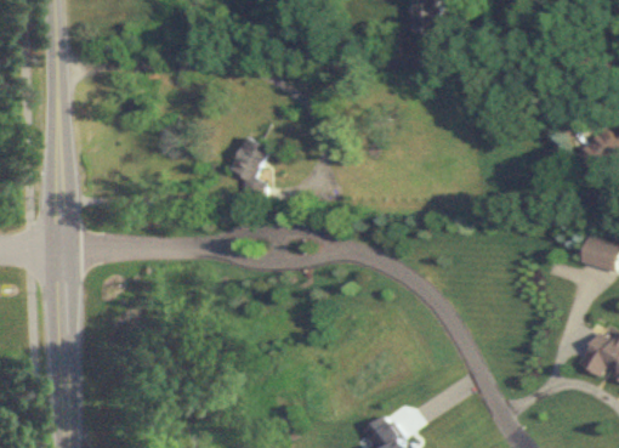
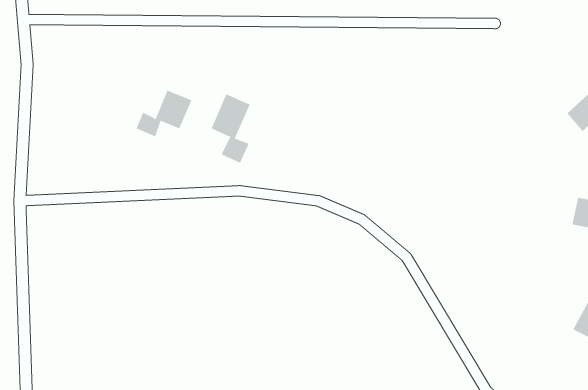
building: none -> [136,90,192,137]

